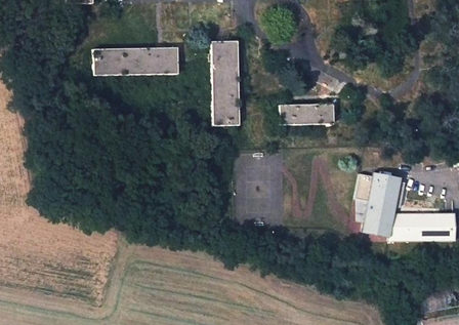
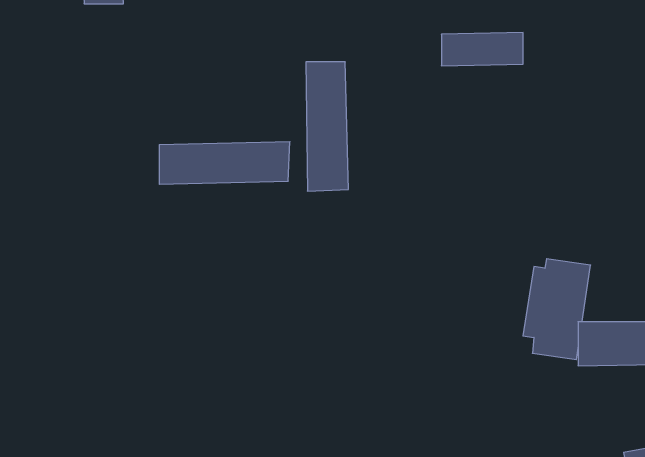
building: [94,48,179,76] -> [159,142,290,184]
building: [280,105,333,126] -> [441,33,523,66]

